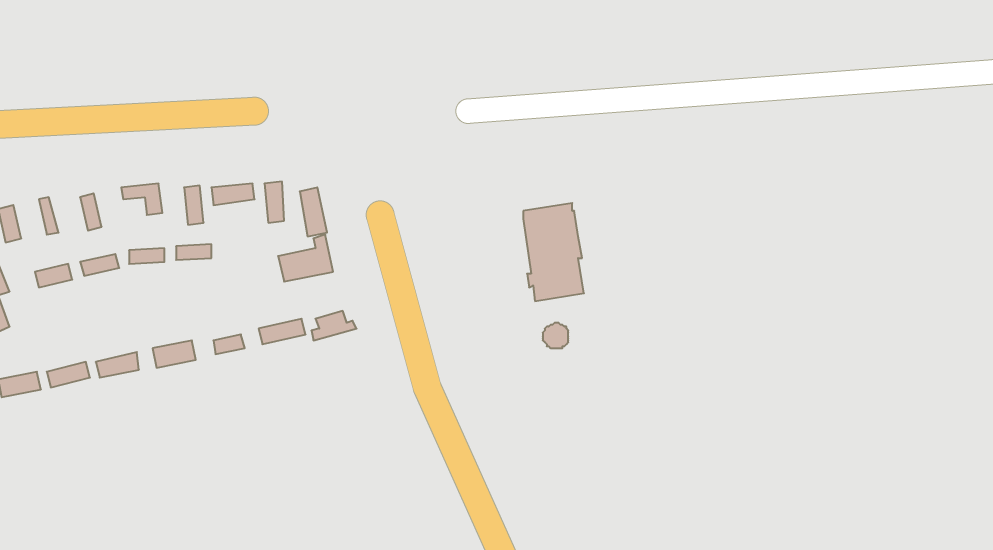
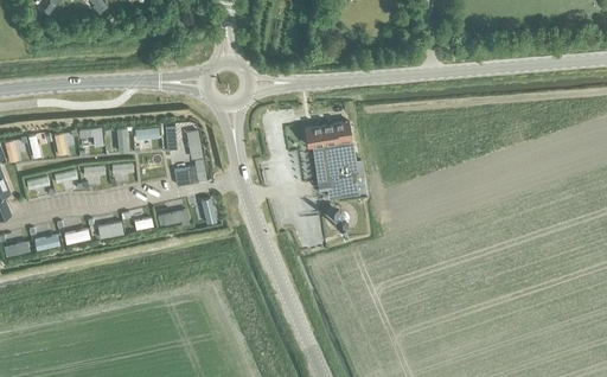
building: none -> [305,122,351,146]

